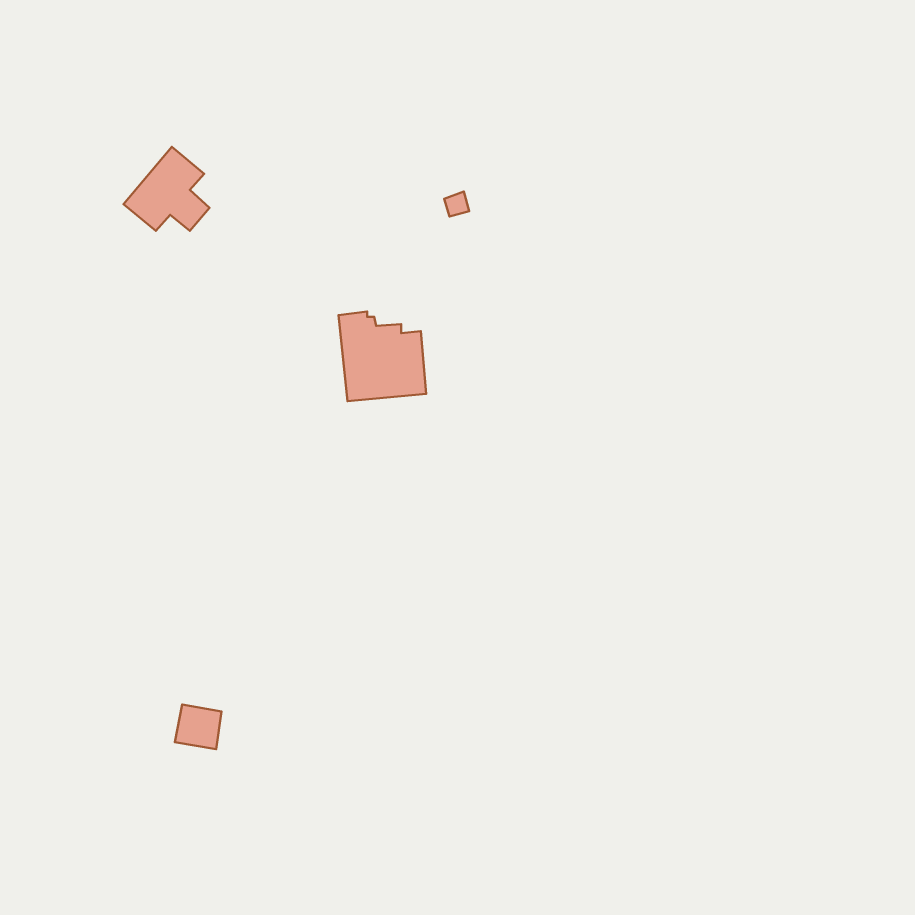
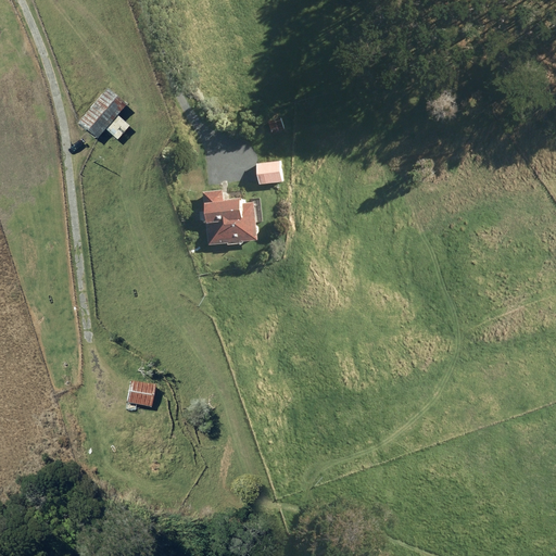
building: none -> [258,161,283,184]
building: [175,704,221,749] -> [125,380,153,407]

